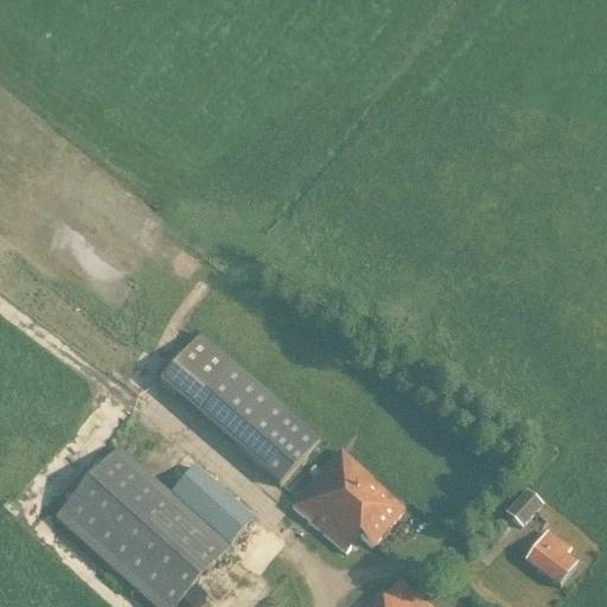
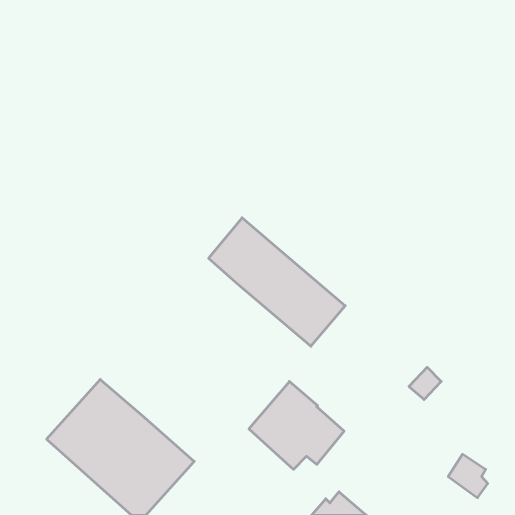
building: [161,332,321,483] -> [209,218,345,346]
building: [172,461,254,541] -> none
building: [506,486,544,524] -> [409,367,441,400]

